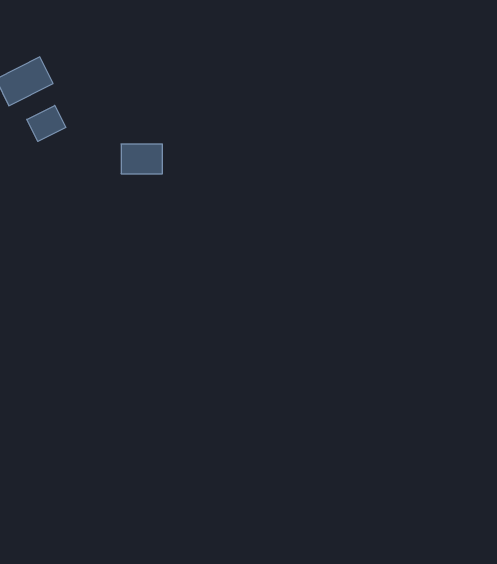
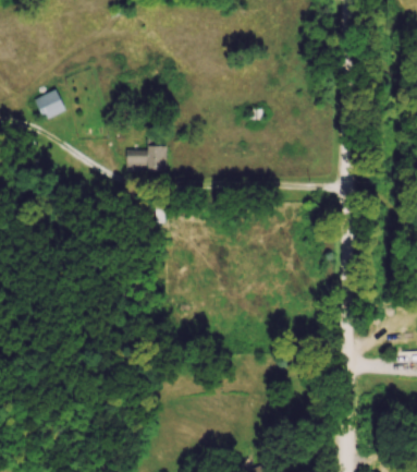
building: [27,105,66,141] -> none

